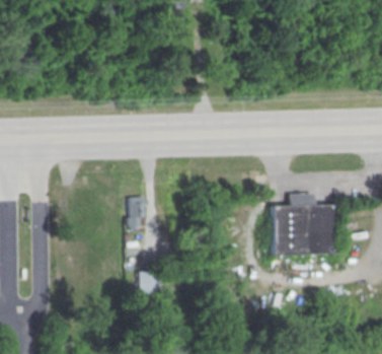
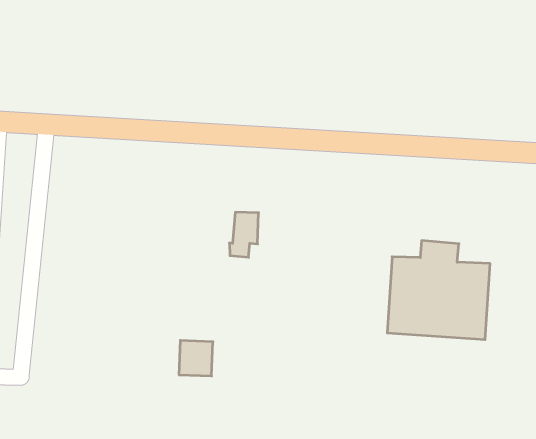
building: [127,196,145,225] -> [229,212,259,257]

